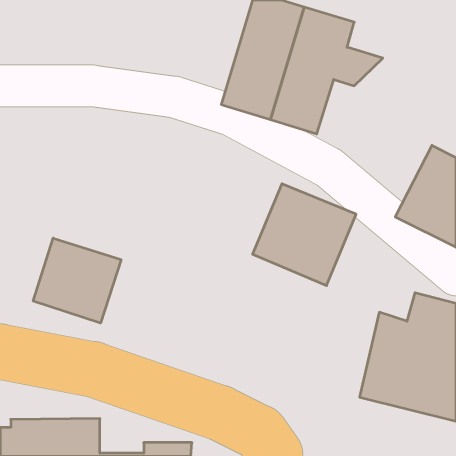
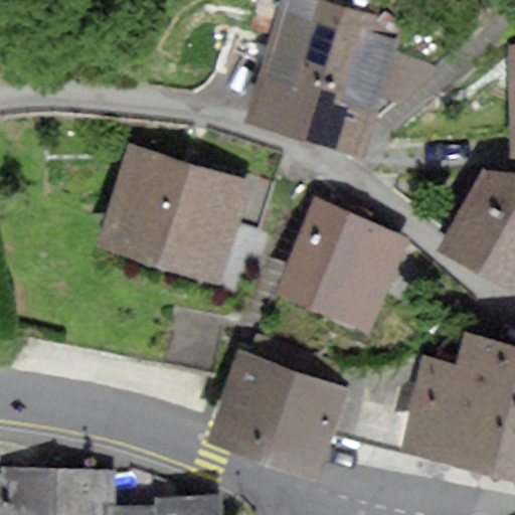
building: none -> [107,149,246,271]
building: [33,238,121,323] -> none
building: none -> [220,357,339,459]

